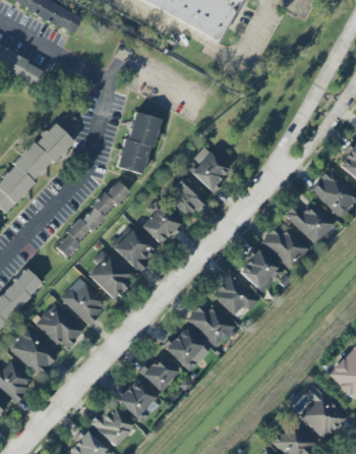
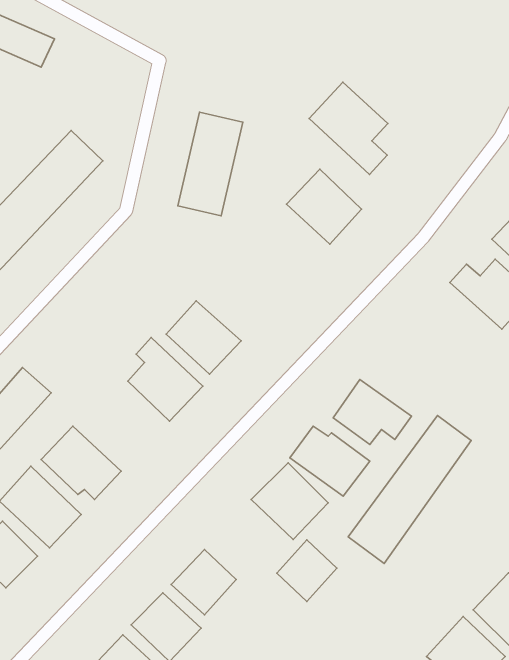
building: none -> [309,82,388,174]
building: [164,176,207,220] -> none
building: [55,180,128,258] -> none
building: [141,201,181,245] -> none
building: [261,225,310,270] -> none
building: [238,248,284,294] -> none
building: [60,278,108,324] -> none
building: none -> [348,416,471,563]
building: [141,354,178,392] -> [277,540,337,602]

